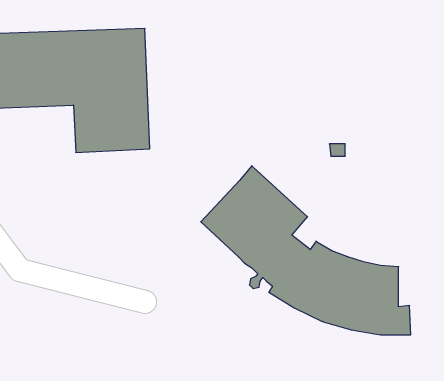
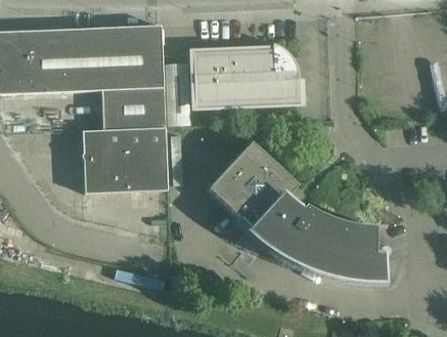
building: none -> [192,42,301,106]
building: none -> [82,126,168,193]

